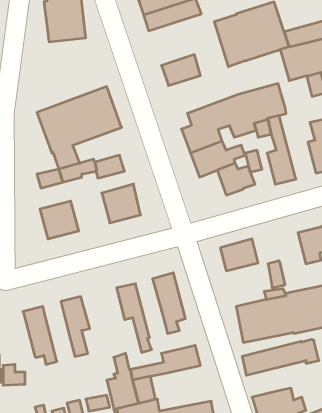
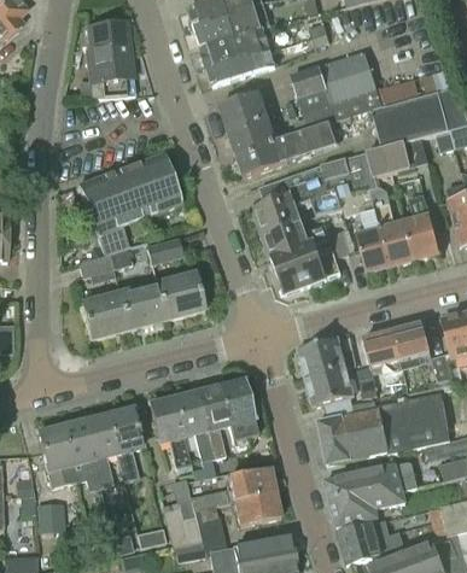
building: none -> [221,90,268,128]
building: none -> [237,122,335,176]
building: none -> [369,140,411,179]
building: none -> [370,186,415,265]
building: none -> [274,255,307,293]
building: none -> [118,282,165,328]
building: none -> [363,331,403,373]
building: none -> [307,367,354,405]
building: none -> [197,386,228,457]
building: none -> [150,397,192,472]
building: none -> [84,414,116,486]
building: none -> [37,426,75,486]
building: none -> [331,485,407,525]
building: none -> [233,491,281,525]

